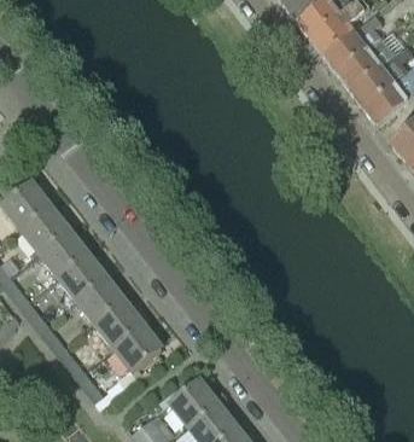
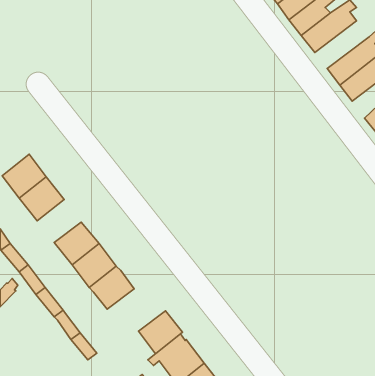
building: [337,39,395,89] -> none
building: [40,229,87,275] -> none
building: [115,325,162,371] -> [139,311,183,354]

